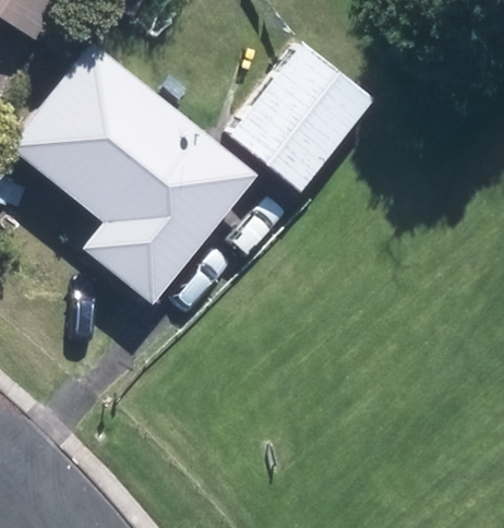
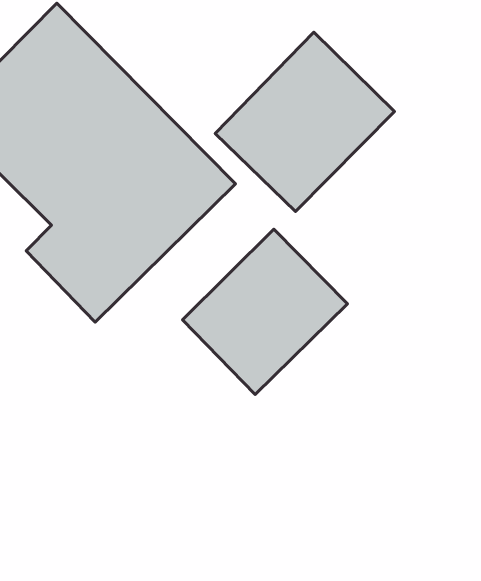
building: none -> [183,229,348,394]

